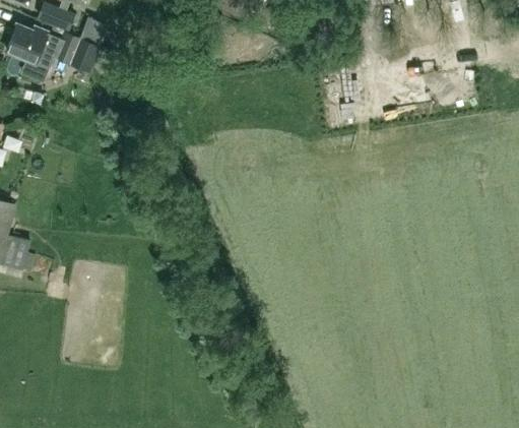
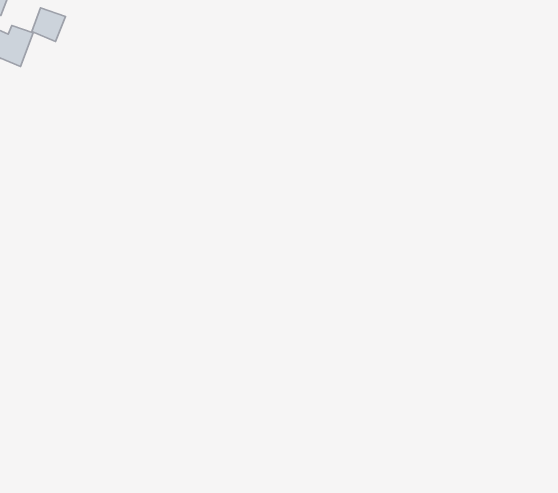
building: [70,41,102,75] -> none

